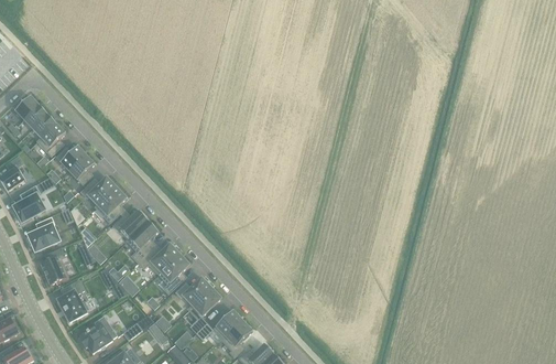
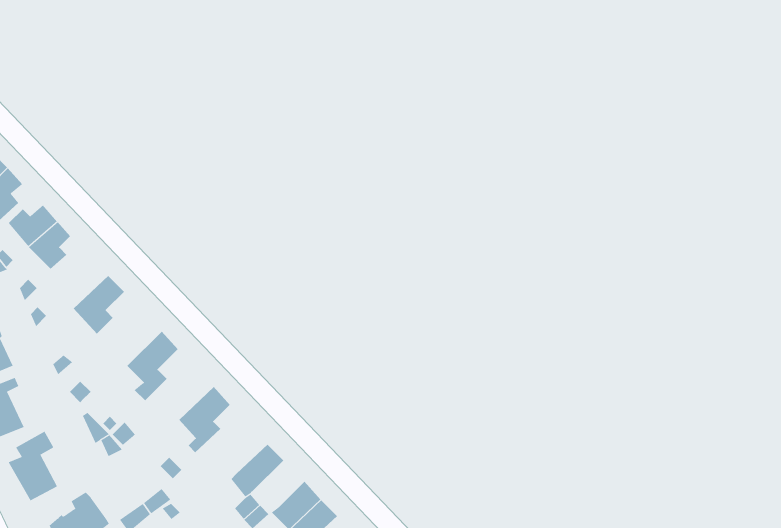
building: [80,176,116,207] -> none
building: [112,211,148,242] -> none
building: [138,244,178,274] -> none
building: [175,277,210,306] -> none

